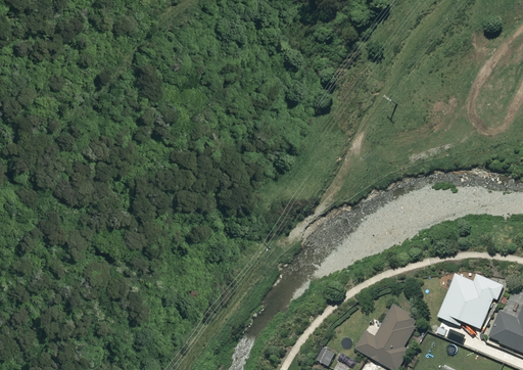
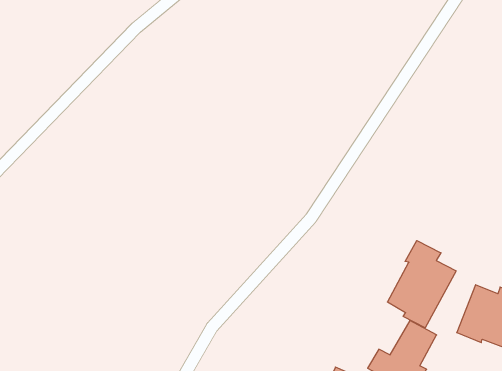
building: none -> [387,241,456,328]

